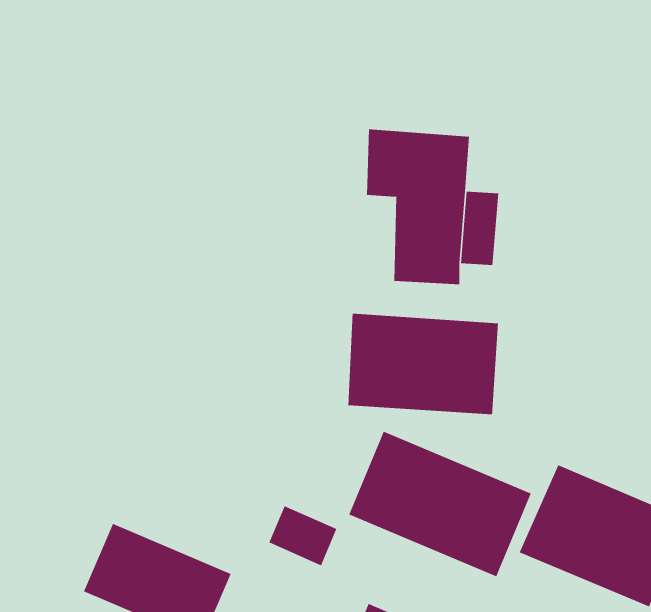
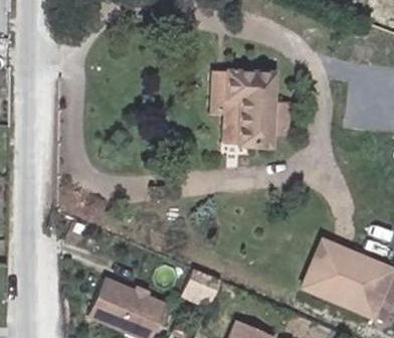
building: [348,313,499,415] -> none
building: [348,431,532,577] -> none

